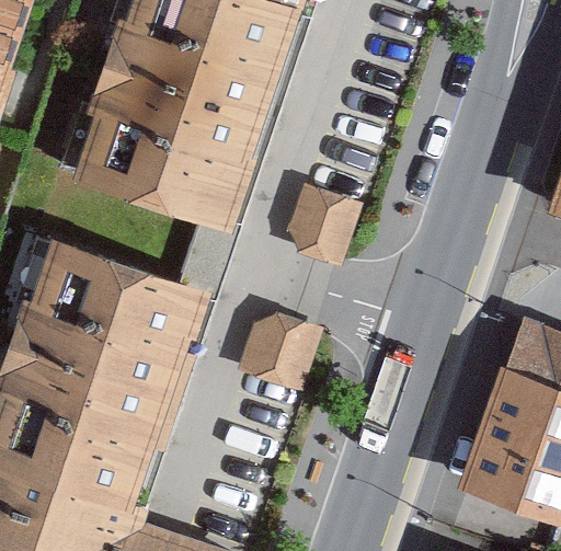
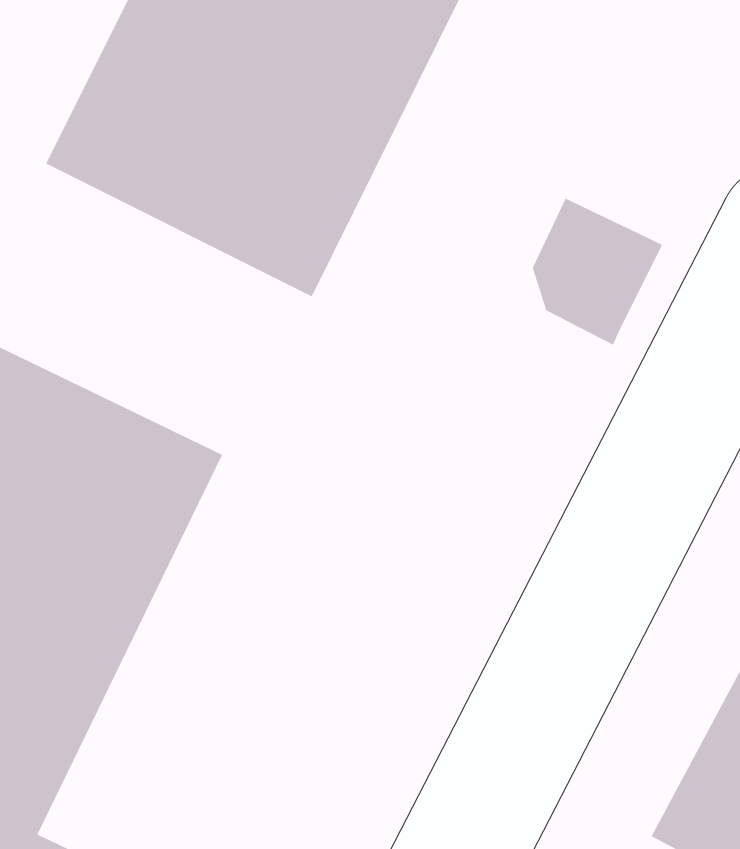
building: [291,188,363,267] -> [532,198,663,346]
building: [239,313,322,389] -> none

